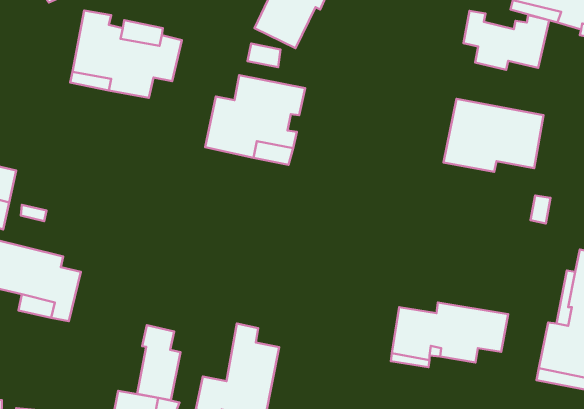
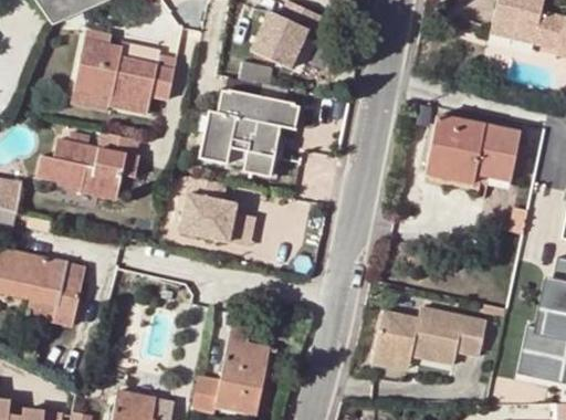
building: [464,11,549,70] -> none
building: none -> [38,130,140,197]
building: none -> [179,176,235,242]
building: [137,325,180,400] -> none

